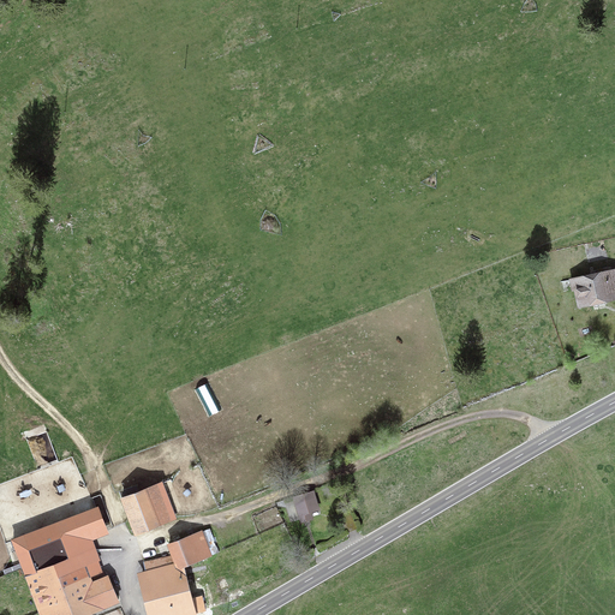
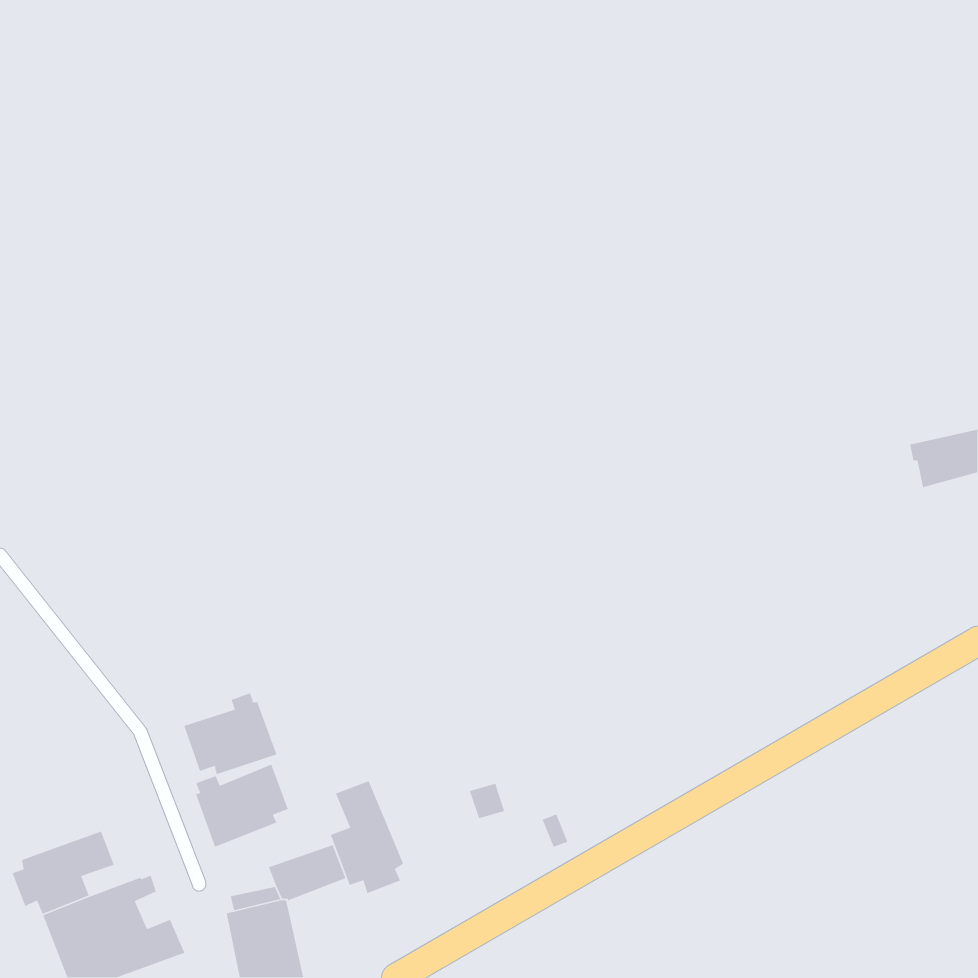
building: none -> [183,692,278,775]
building: none -> [330,780,404,894]
building: [64,509,105,543] -> none

